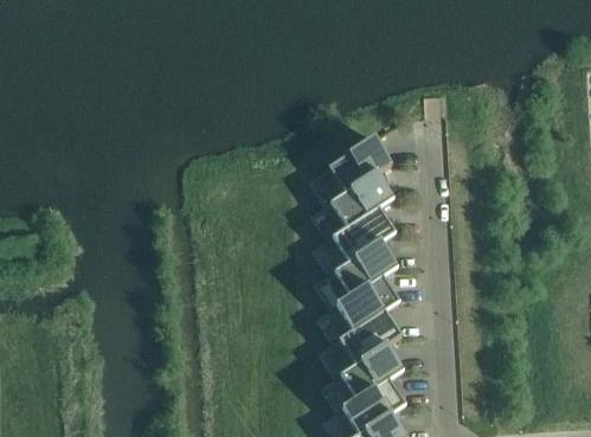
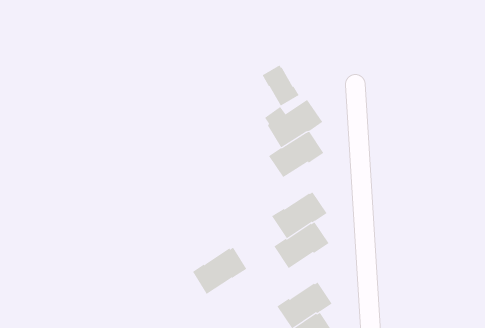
building: none -> [262,65,300,106]
building: [329,206,393,261] -> none
building: [335,309,398,364] -> [192,247,247,295]

